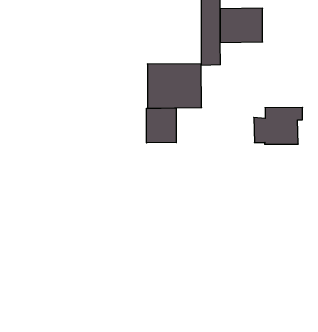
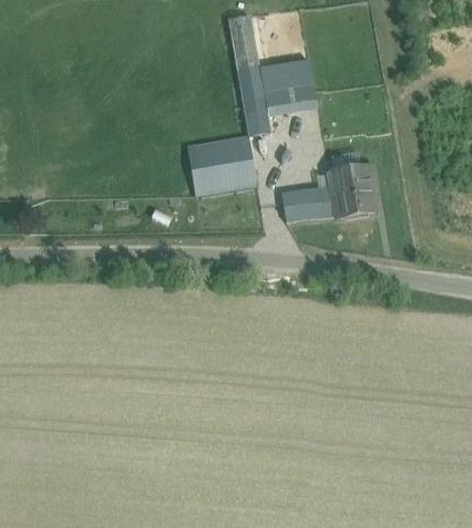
building: [146,108,176,143] -> none
building: none -> [281,187,325,222]

